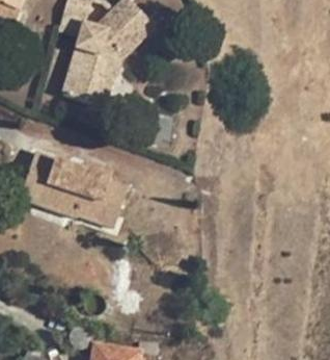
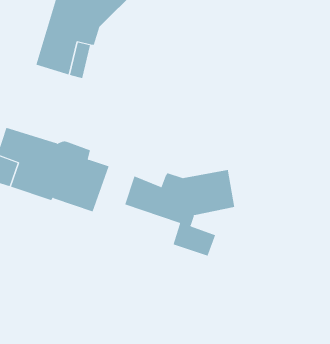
building: none -> [124,169,235,256]

